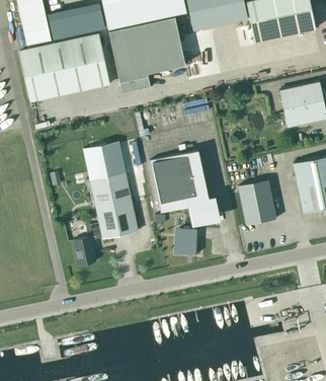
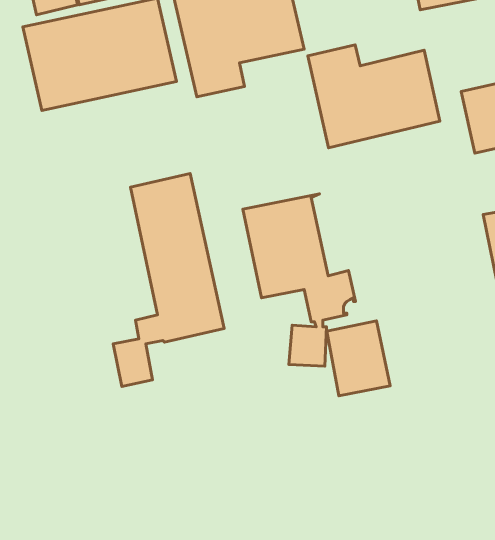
building: none -> [308,45,440,148]
building: [239,180,276,225] -> [327,321,390,396]

